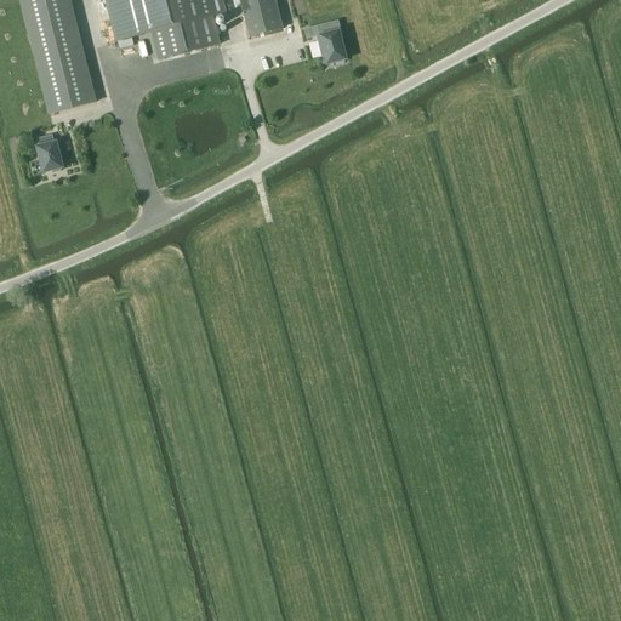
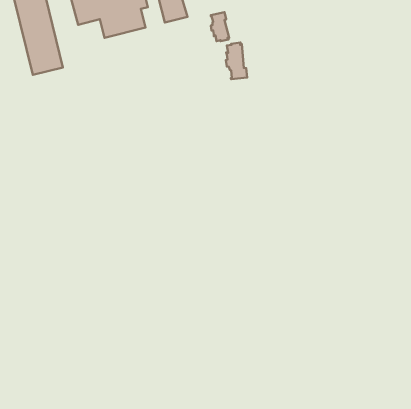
building: none -> [226,43,247,79]
building: [36,132,62,170] -> none

